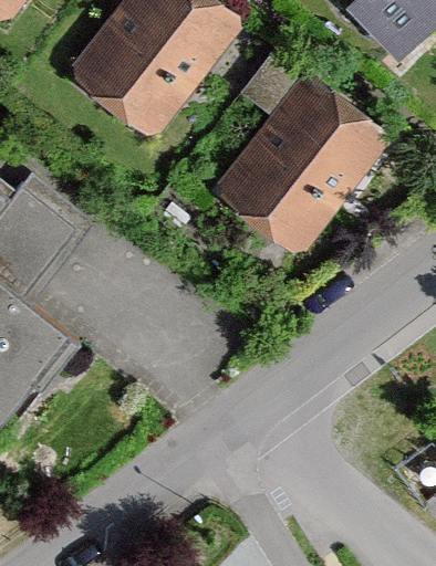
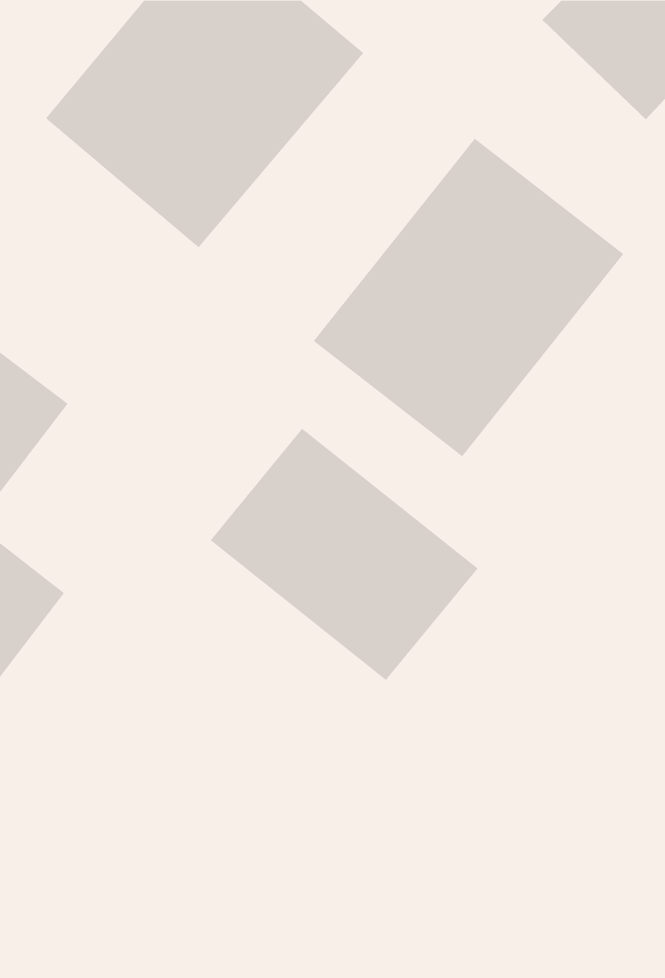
building: none -> [210,428,478,681]

